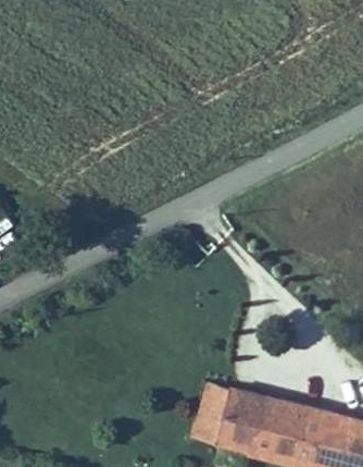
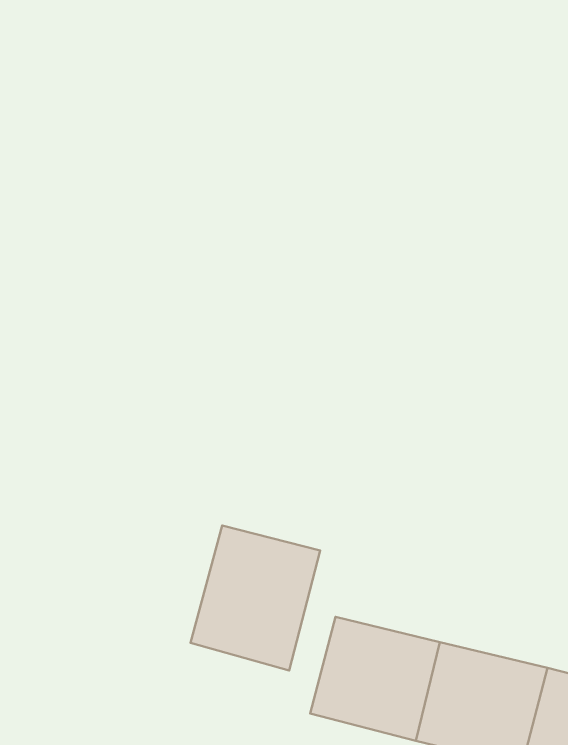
building: none -> [191,526,320,670]

